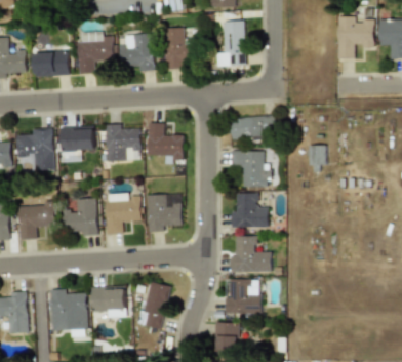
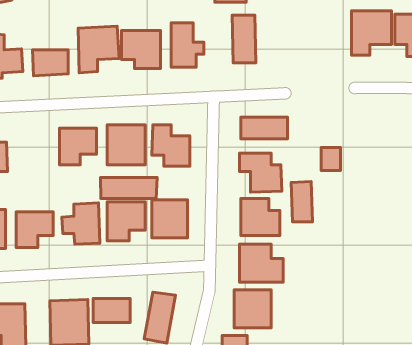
building: [16,128,54,171] -> none
building: none -> [101,178,157,199]
building: none -> [291,181,312,222]

